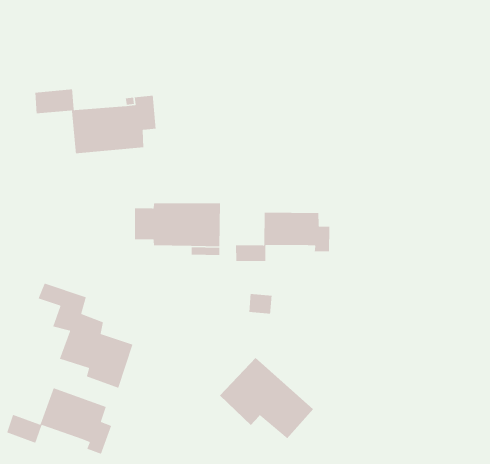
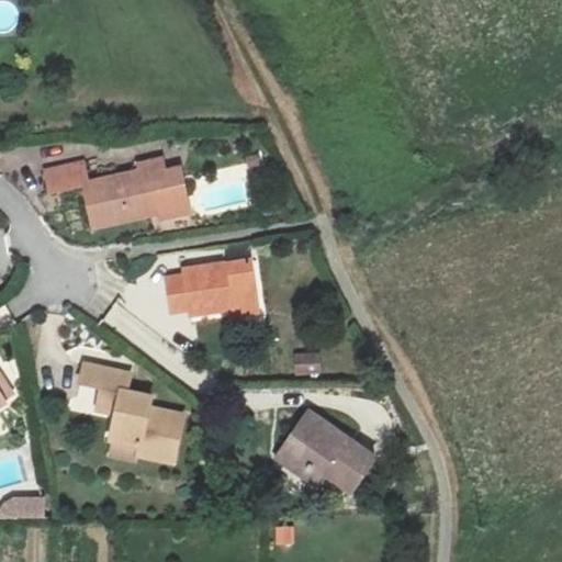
building: [235,212,330,262] -> none
building: [6,387,112,455] -> none

